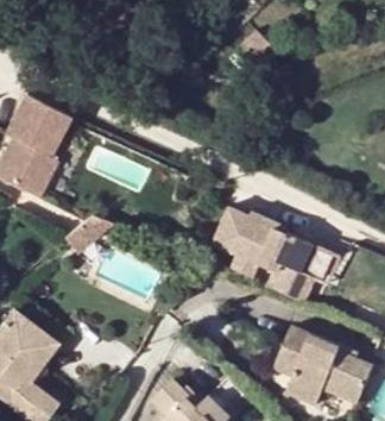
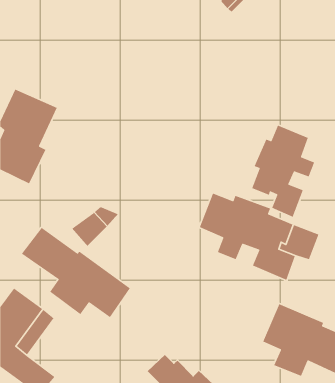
building: none -> [251,125,315,218]
building: none -> [21,227,131,318]

